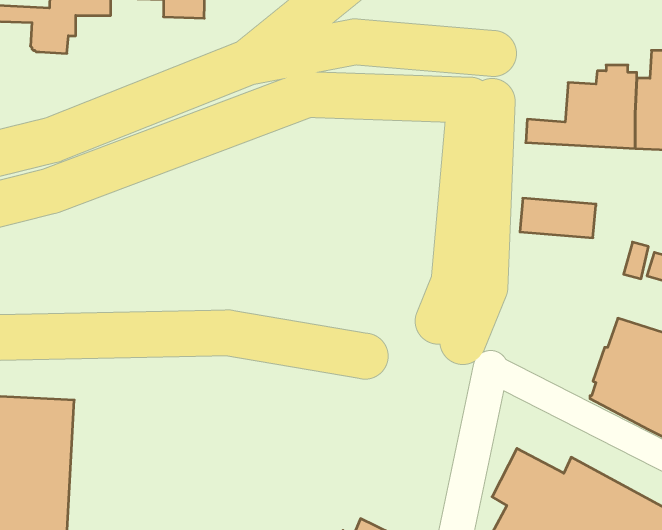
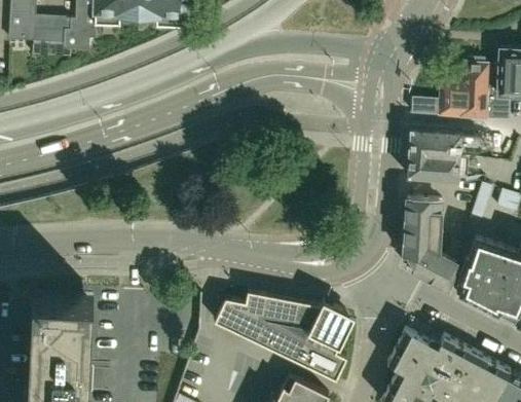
building: none -> [410,130,482,157]
building: none -> [403,198,457,290]
building: none -> [215,291,350,380]

